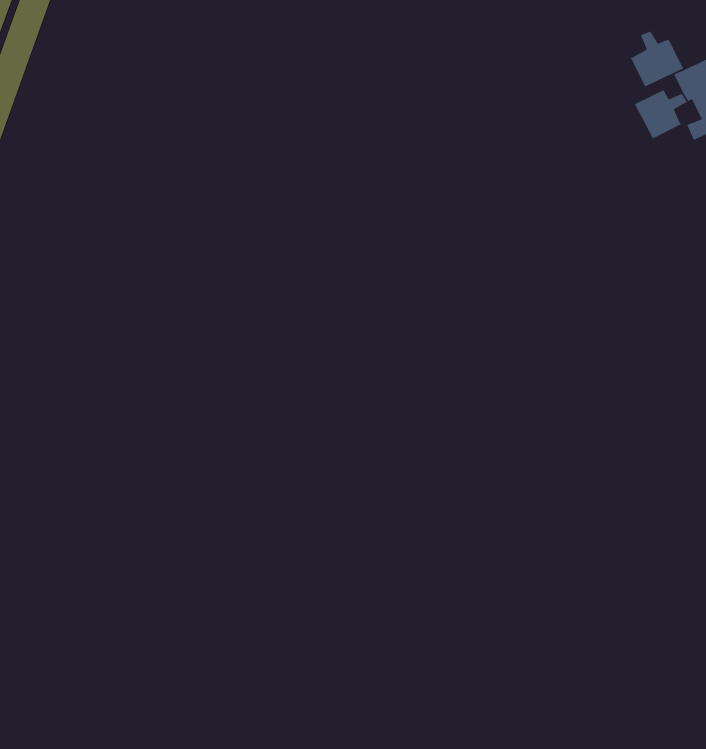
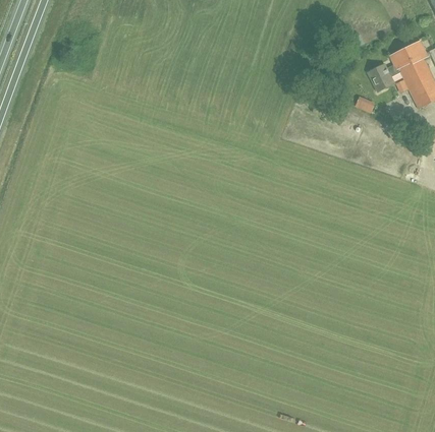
building: [629,30,684,88] -> none

